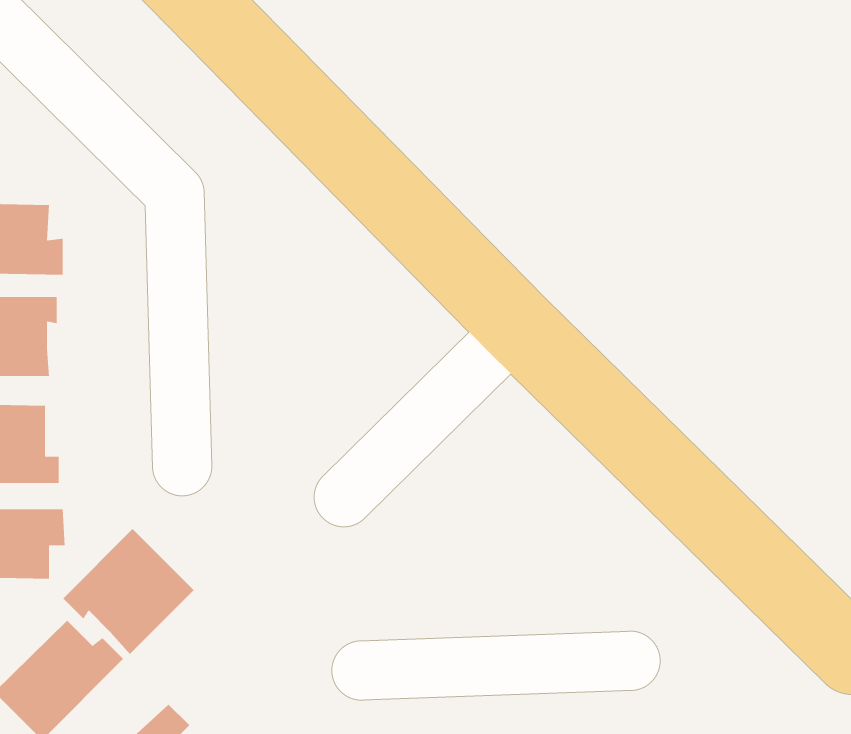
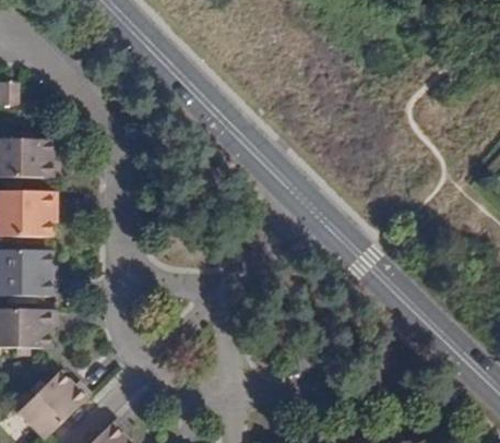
building: [62,528,195,655] -> none

